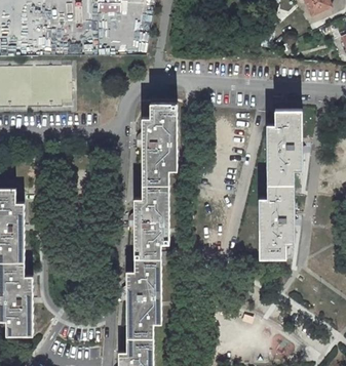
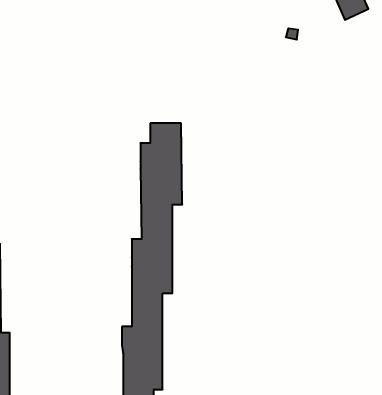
building: [260,110,302,258] -> none

